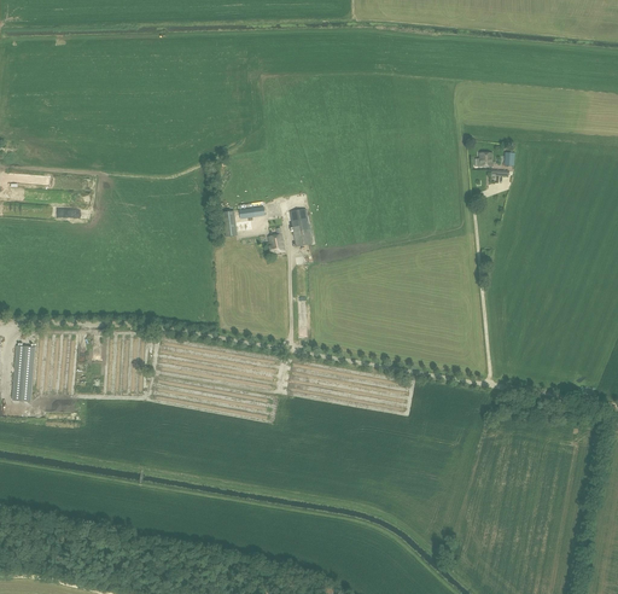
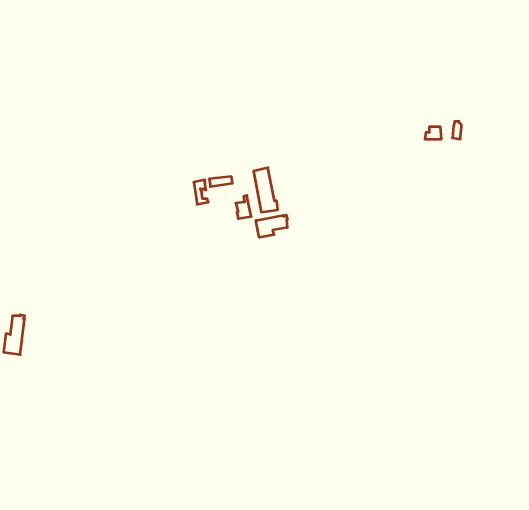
building: none -> [256,215,287,237]

